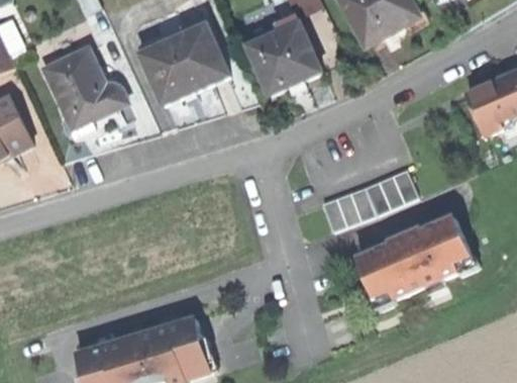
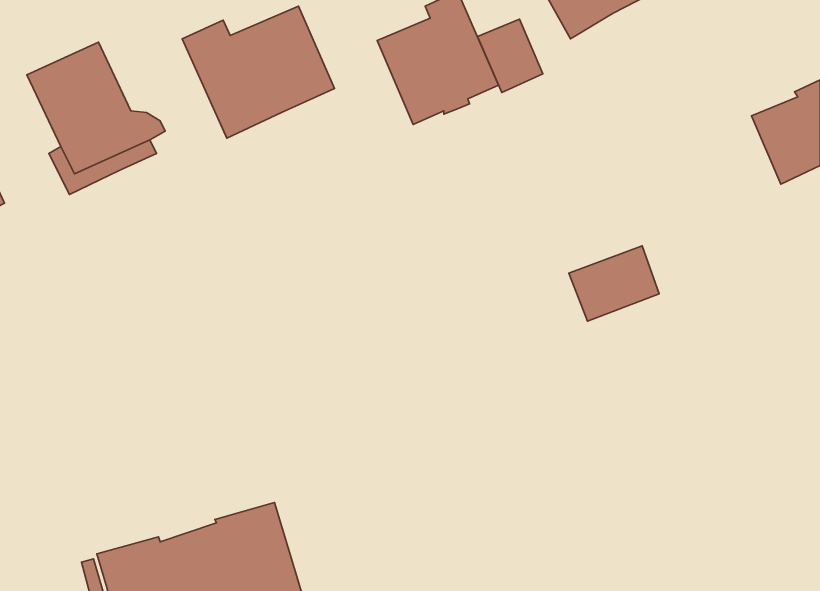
building: none -> [477,19,543,92]
building: [320,183,375,228] -> none
building: [357,214,476,306] -> none

